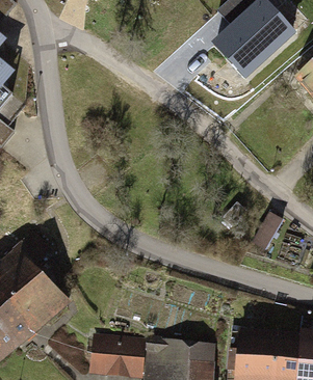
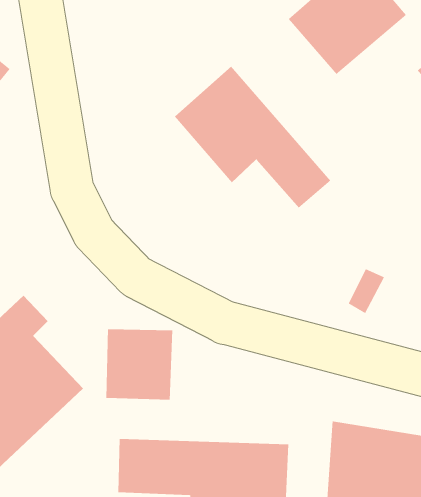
building: none -> [174,66,331,208]
building: none -> [106,328,173,401]

